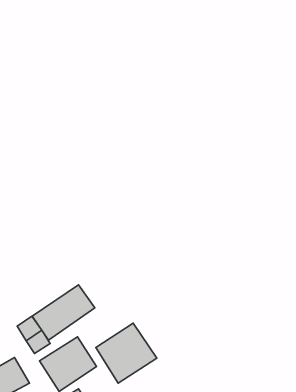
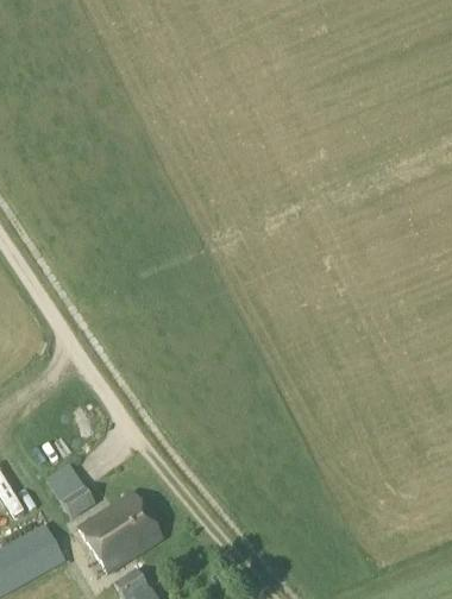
building: [32,285,95,340] -> none
building: [96,323,157,383] -> none

